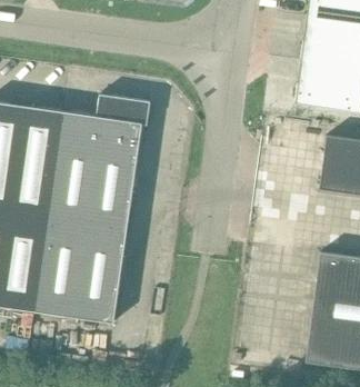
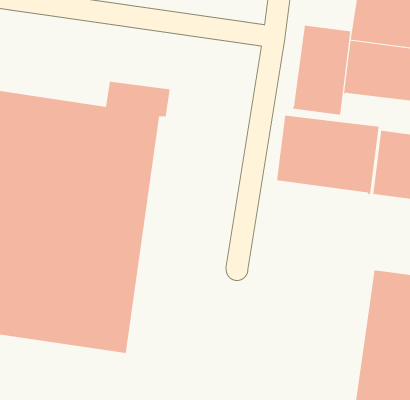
building: none -> [292,25,351,115]
building: none -> [276,115,379,195]

